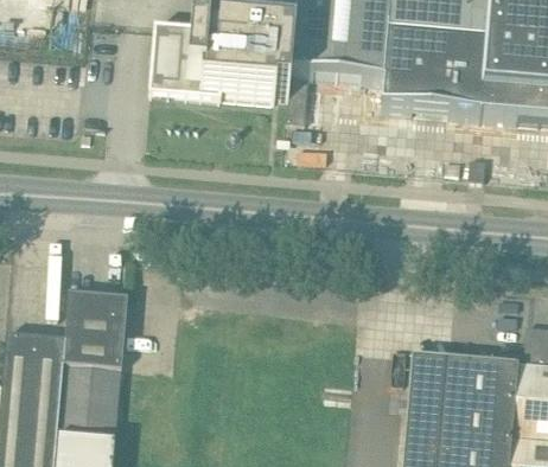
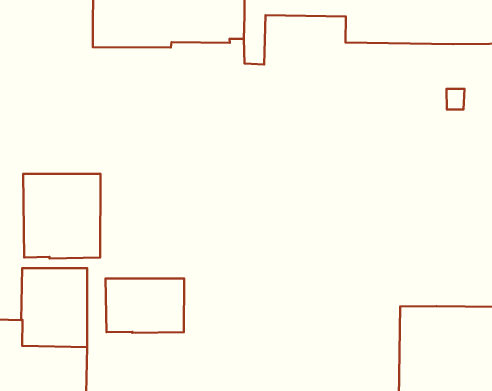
building: none -> [23,174,101,259]
building: none -> [106,278,184,333]

